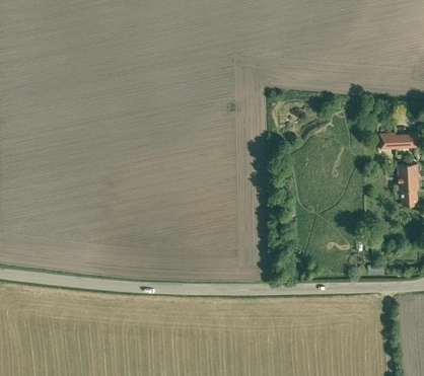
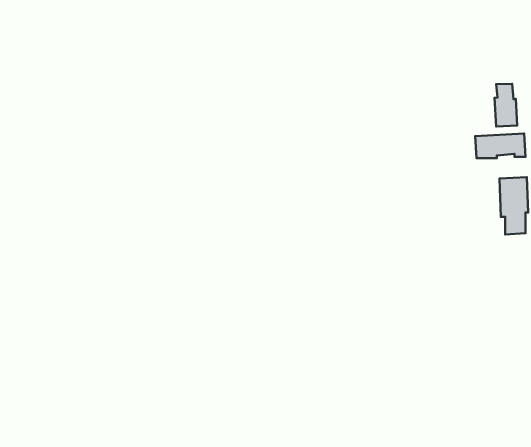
building: none -> [494,84,517,126]

